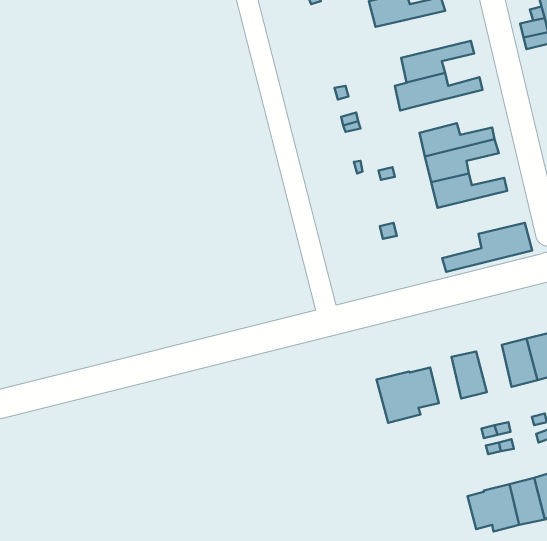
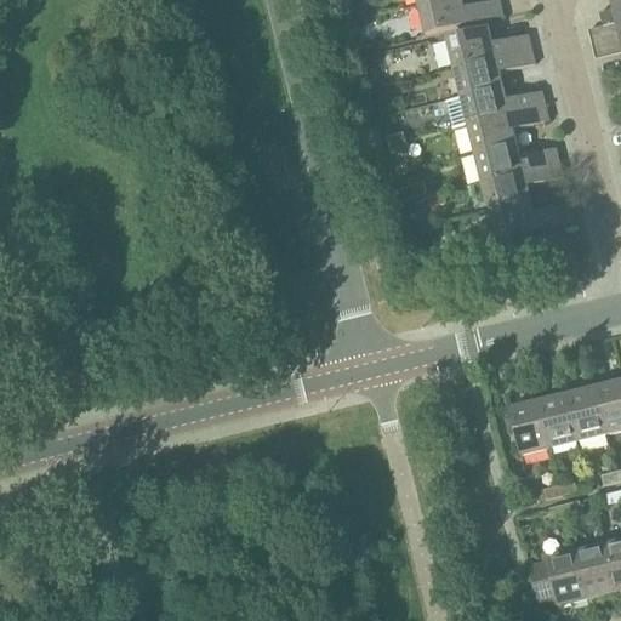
building: none -> [448,25,534,65]
building: none -> [468,102,551,150]
building: [442,223,532,272] -> none
building: none -> [540,391,580,444]
building: [377,368,439,423] -> none

